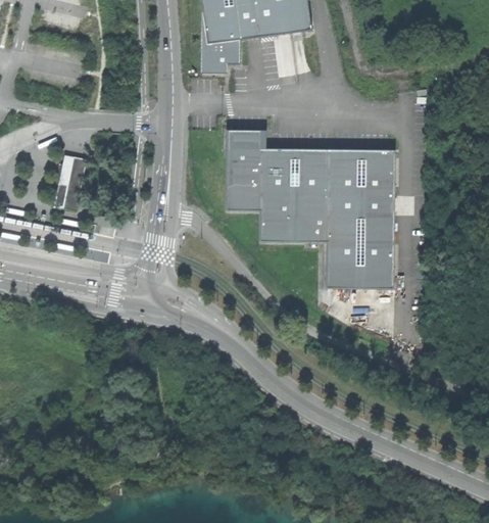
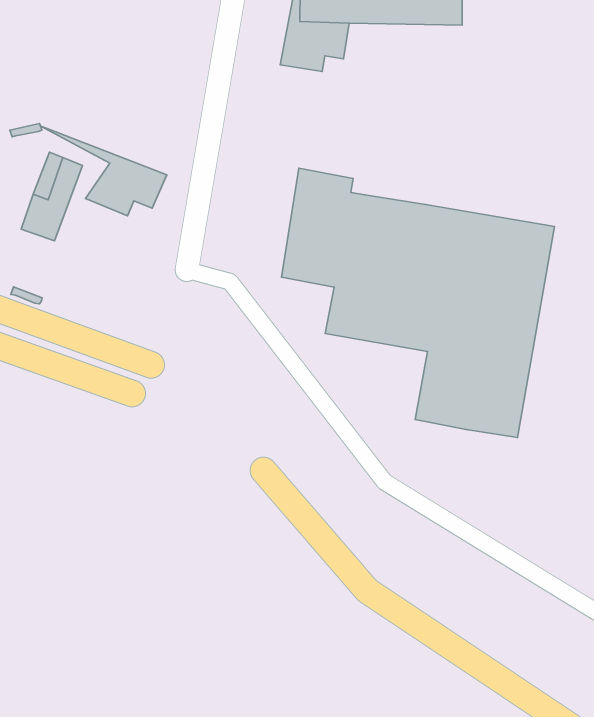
building: [225,130,270,148] -> none
building: none -> [40,126,167,216]

